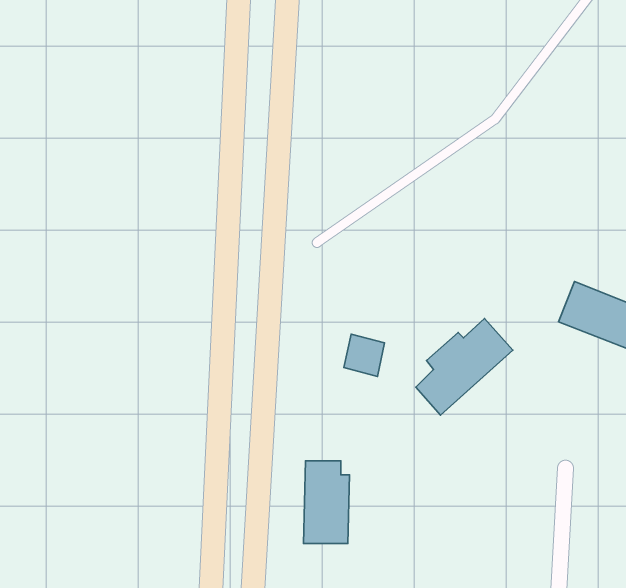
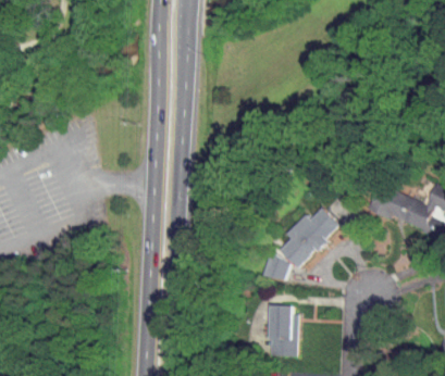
building: [344,334,385,376] -> [263,255,288,281]
building: [304,461,349,544] -> [269,305,297,356]

